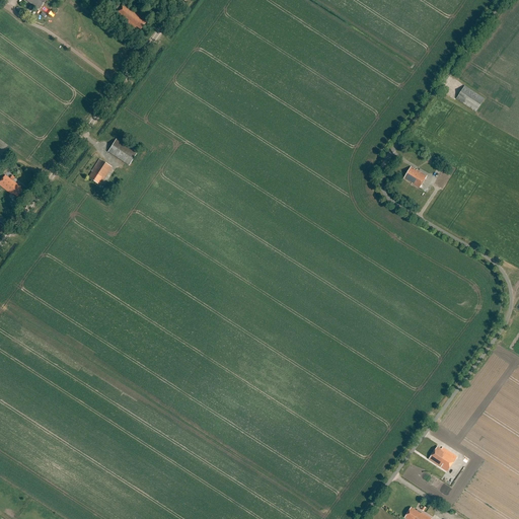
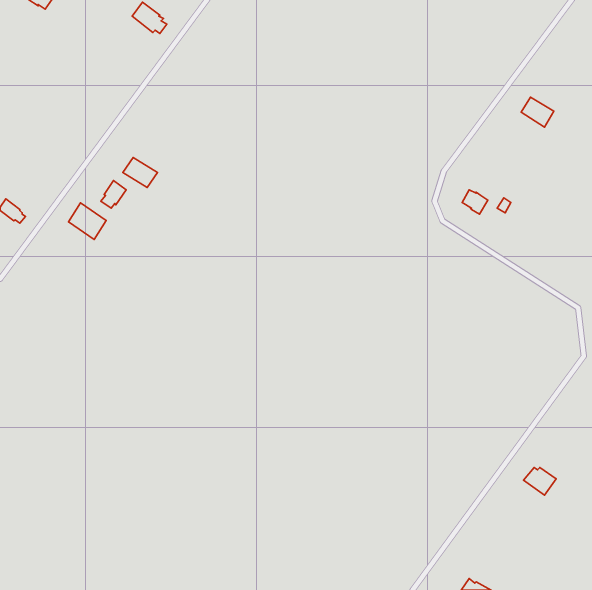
building: none -> [69,203,106,239]
building: [429,447,457,471] -> [524,467,556,495]

